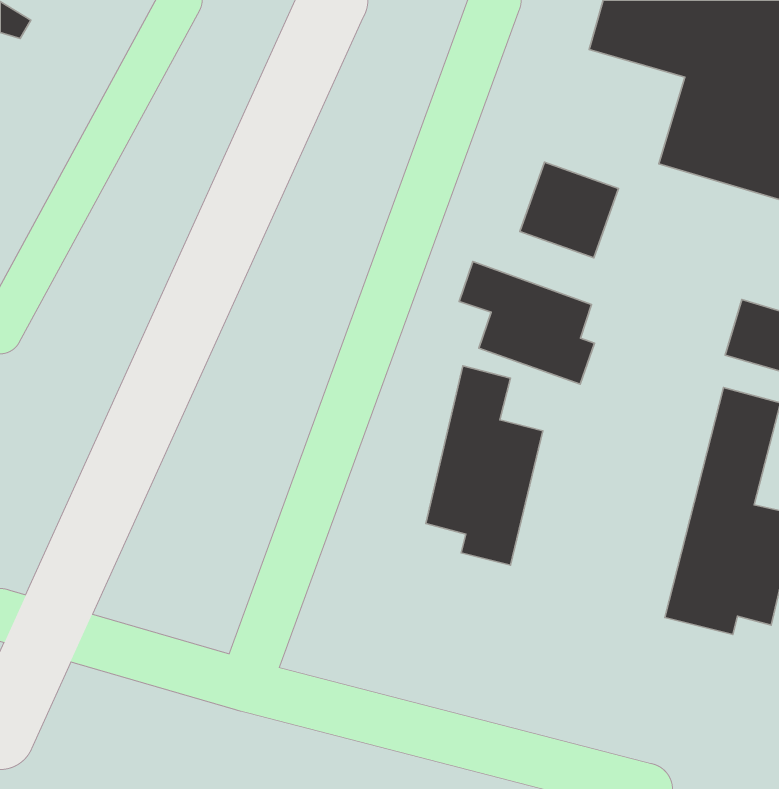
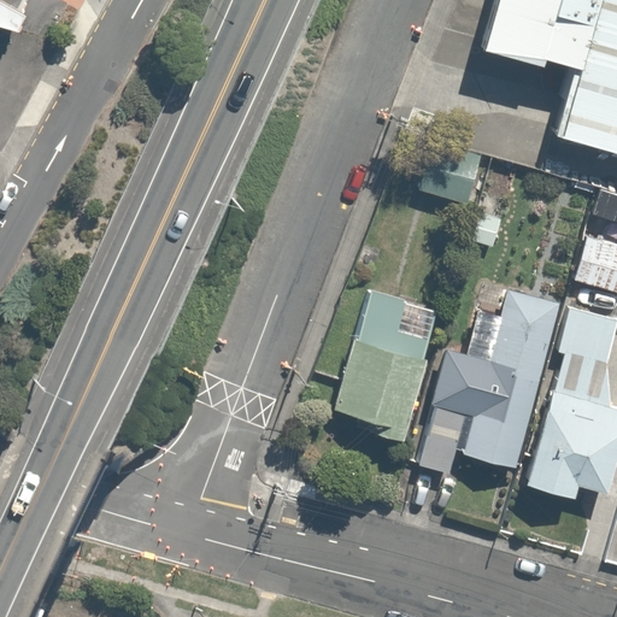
building: [459,262,595,384] -> none
building: none -> [422,295,558,468]

